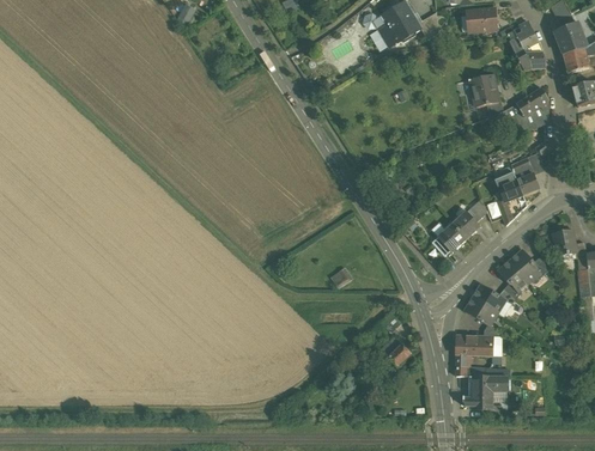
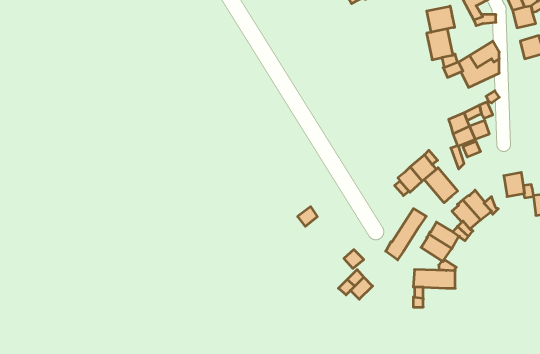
building: none -> [427,6,455,32]
building: none -> [424,168,458,203]
building: none -> [386,209,426,260]
building: [472,374,506,408] -> none

